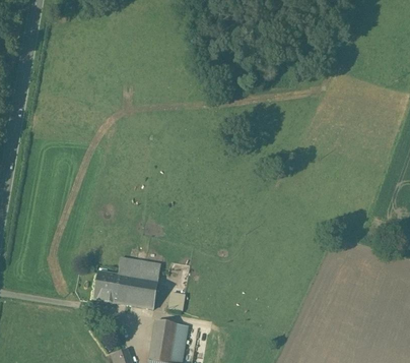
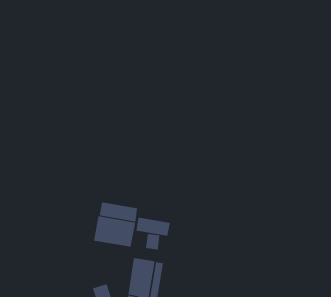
building: [93,269,117,300] -> none
building: none -> [136,217,171,236]

